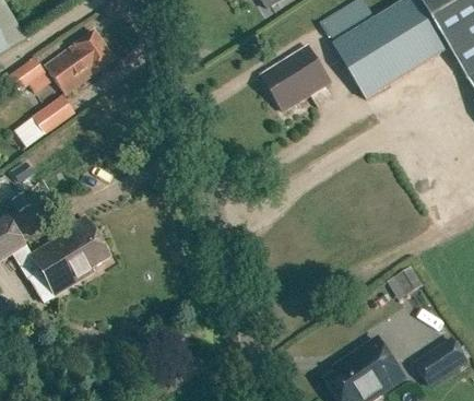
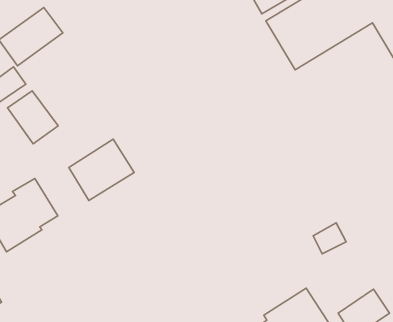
building: [261,44,332,110] -> none
building: none -> [7,91,58,144]
building: none -> [69,139,134,201]

